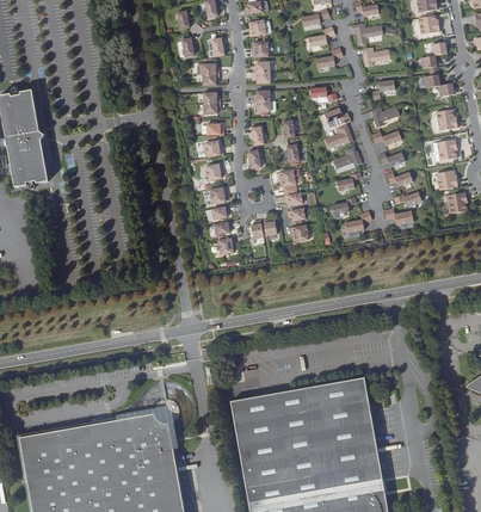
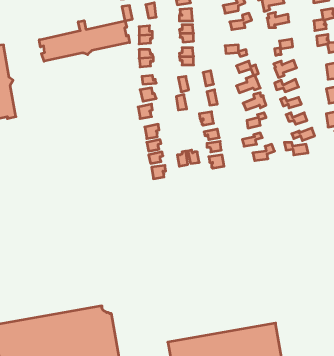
building: none -> [39,21,130,61]
building: [228,381,374,458] -> none

